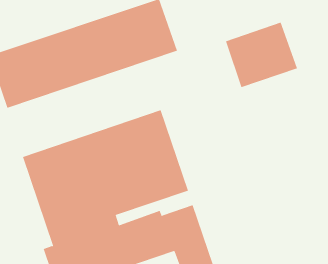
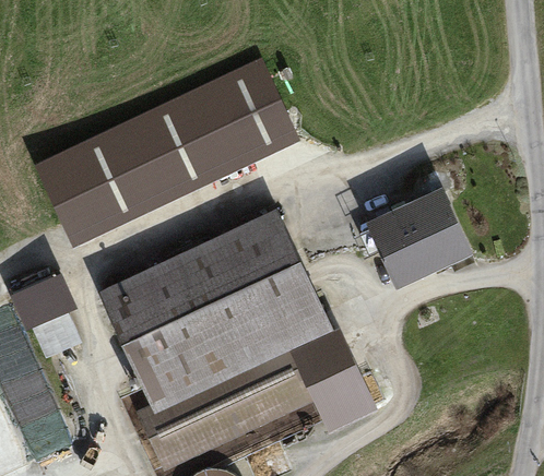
building: [225,22,298,88] -> [368,189,468,282]

